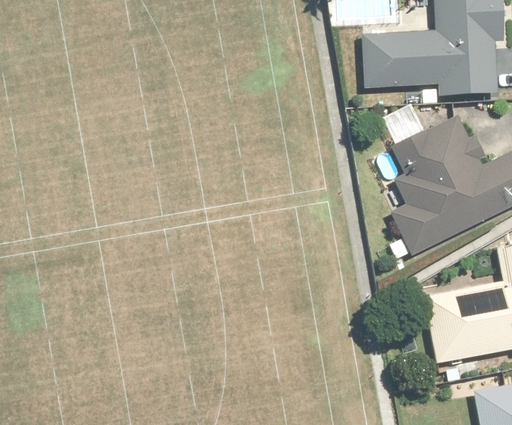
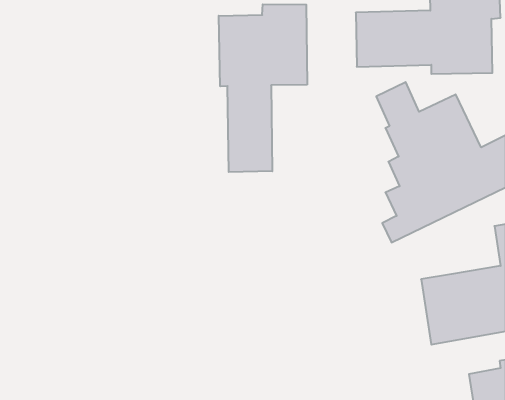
building: none -> [219,4,307,172]

